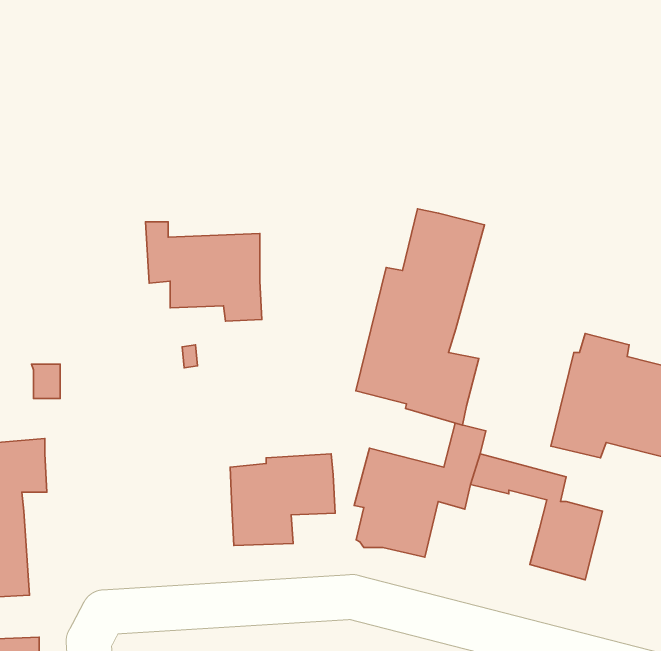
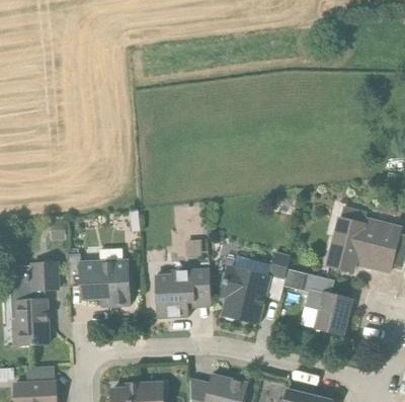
building: [356,209,484,425] -> none
building: [145,222,262,321] -> [68,253,130,306]

